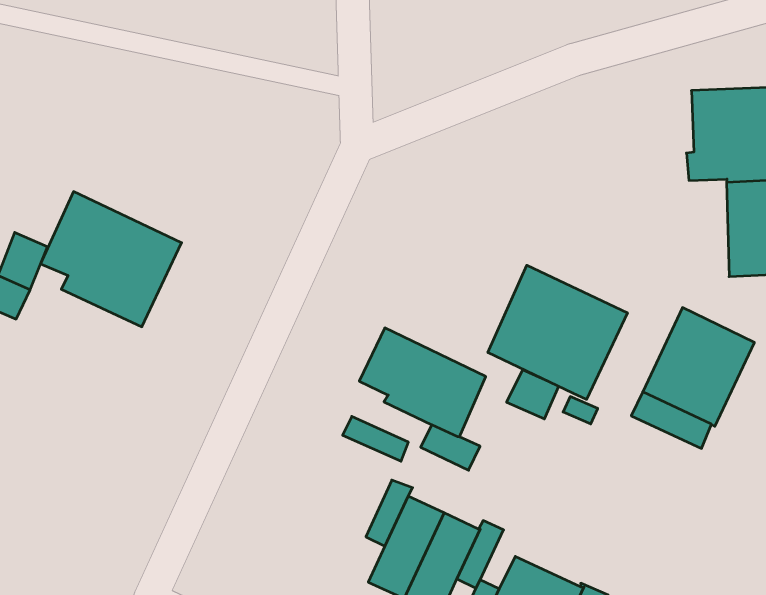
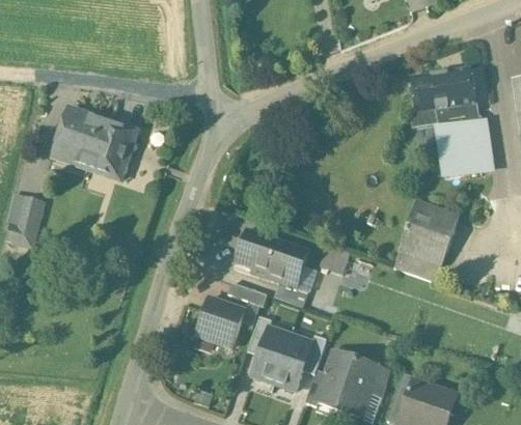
building: [41,192,182,327] -> [58,107,138,180]
building: [488,265,627,399] -> none
building: none -> [195,299,244,347]

